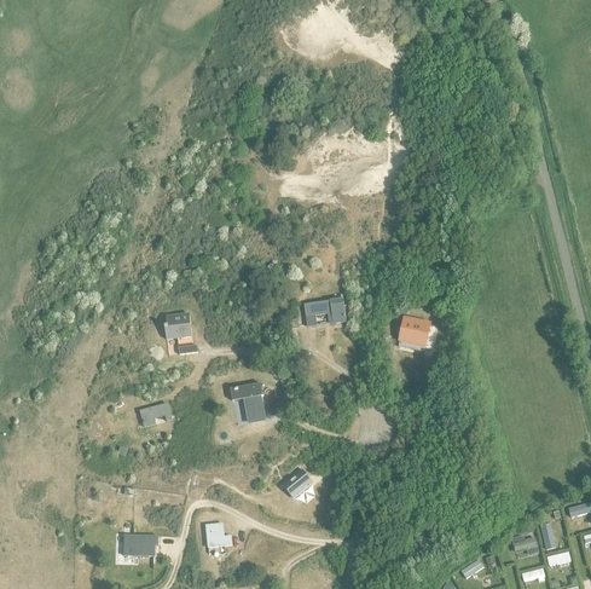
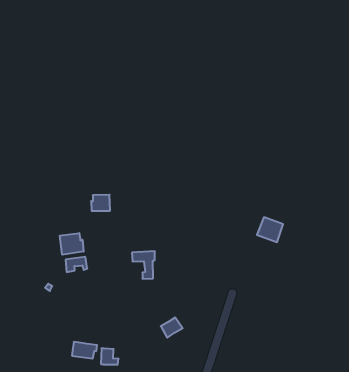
building: [303,299,344,324] -> none
building: none -> [60,233,84,255]
building: [123,535,156,554] -> [72,342,97,359]

